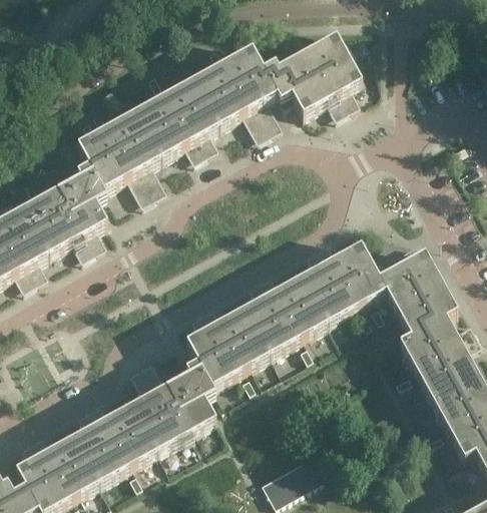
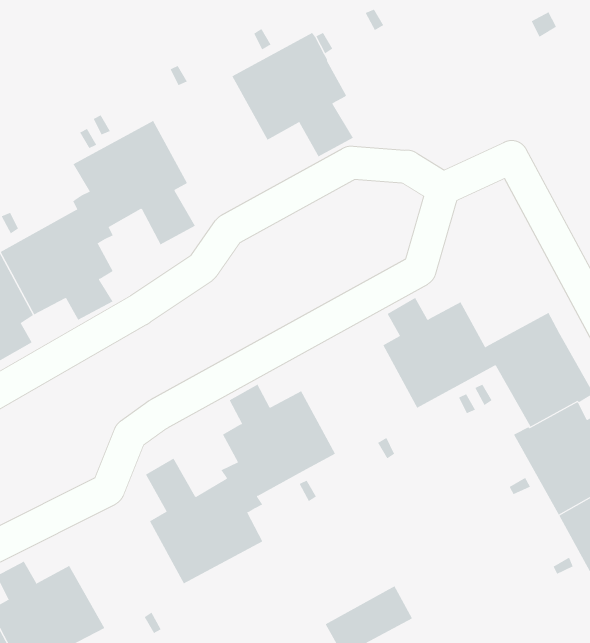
building: [264,32,362,112] -> none
building: [136,76,219,156] -> none
building: [245,269,329,352] -> none
building: [75,398,158,479] -> none

